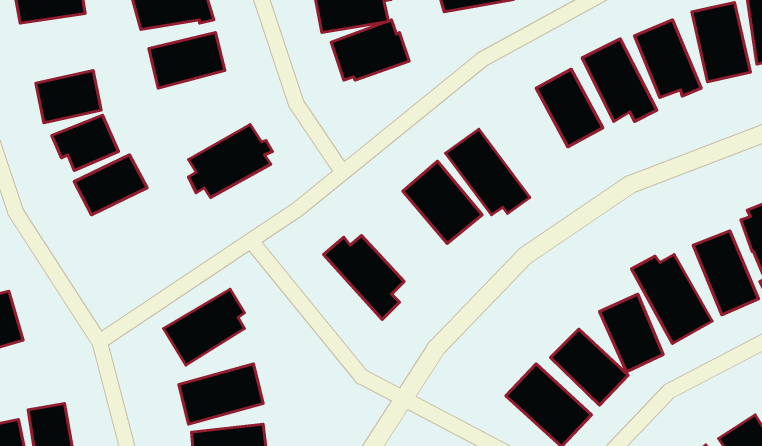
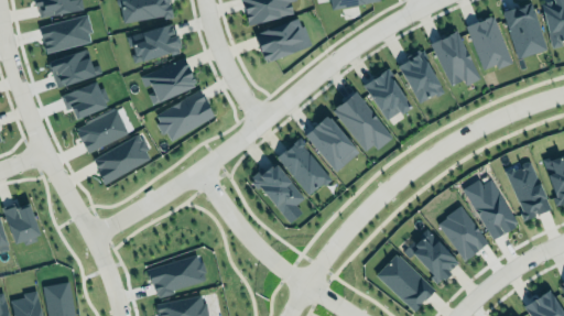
building: none -> [41,15,95,55]
building: none -> [141,61,197,103]
building: none -> [364,67,413,121]
building: none -> [279,140,332,197]
building: [164,289,245,365] -> [93,131,149,184]

